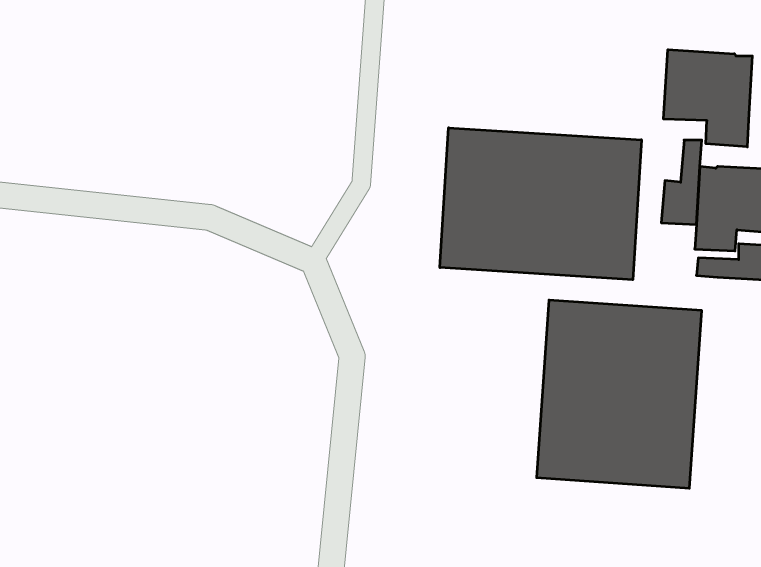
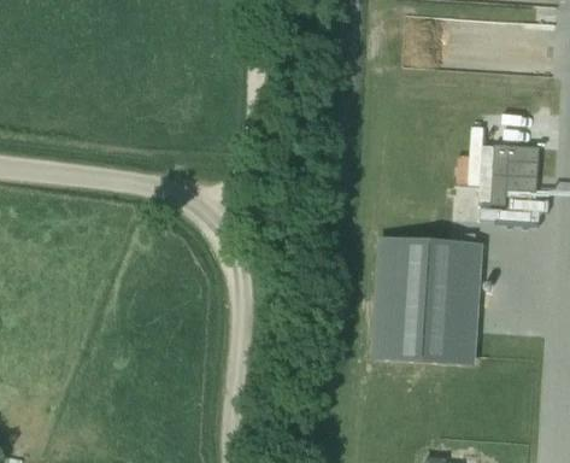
building: [664,50,752,147] -> none
building: [440,128,641,280] -> none

